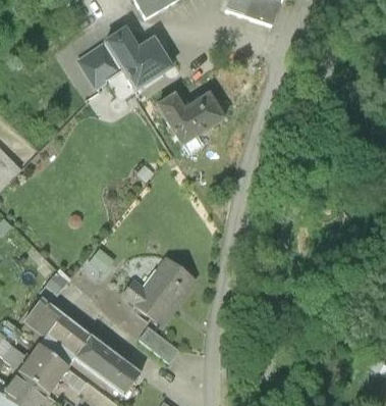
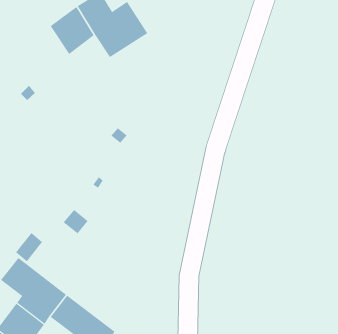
building: [157,89,227,142] -> none
building: [121,255,198,325] -> none
building: [139,326,179,362] -> none

